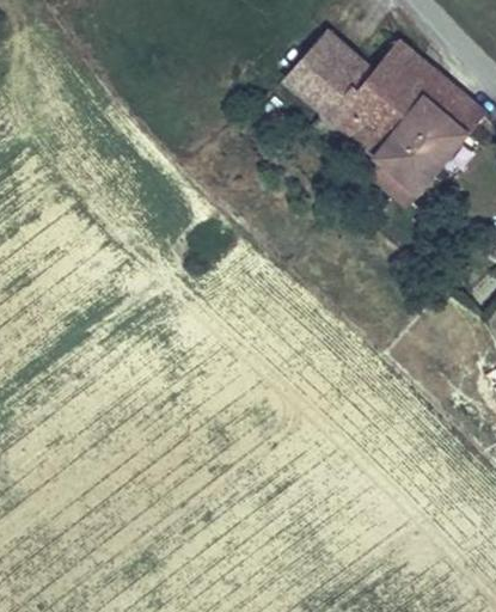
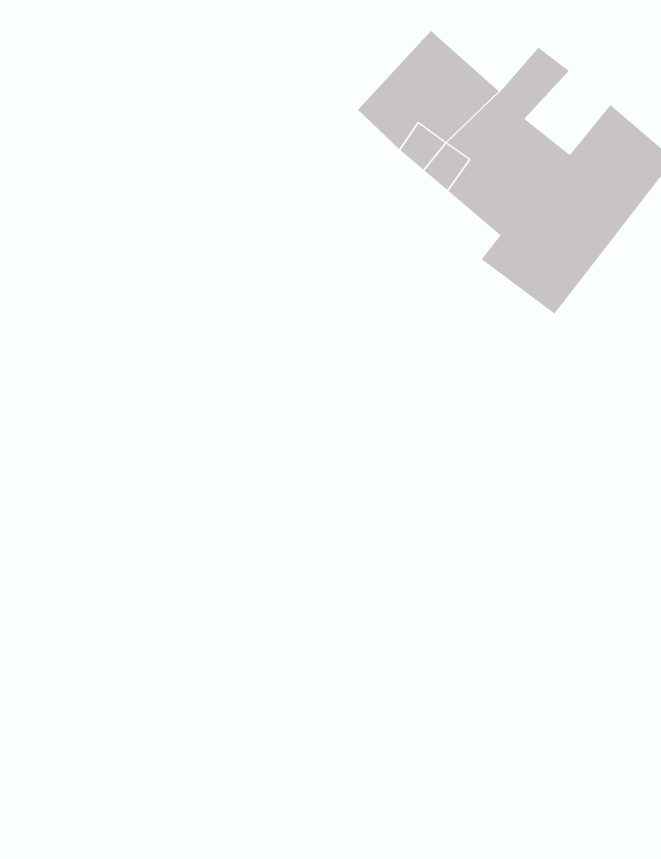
building: [391,54,446,108] -> none

